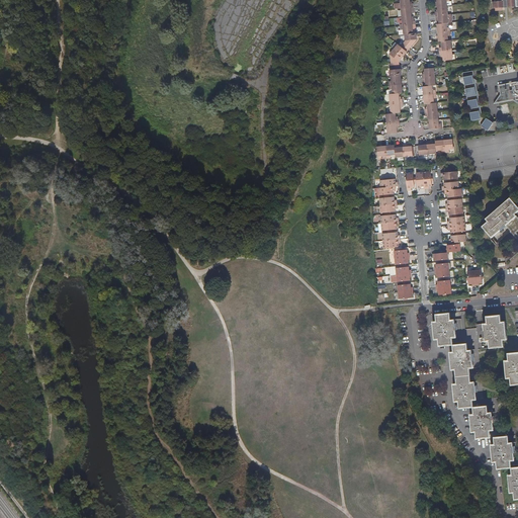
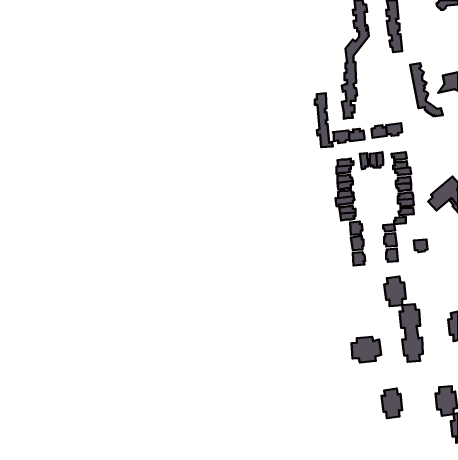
building: [422,69,442,130] -> [315,93,333,147]
building: [483,313,506,346] -> none
building: none -> [351,337,381,362]
building: [469,404,493,437] -> [382,389,402,418]

